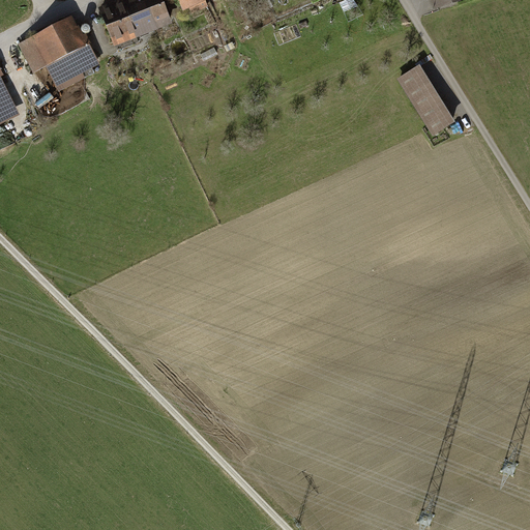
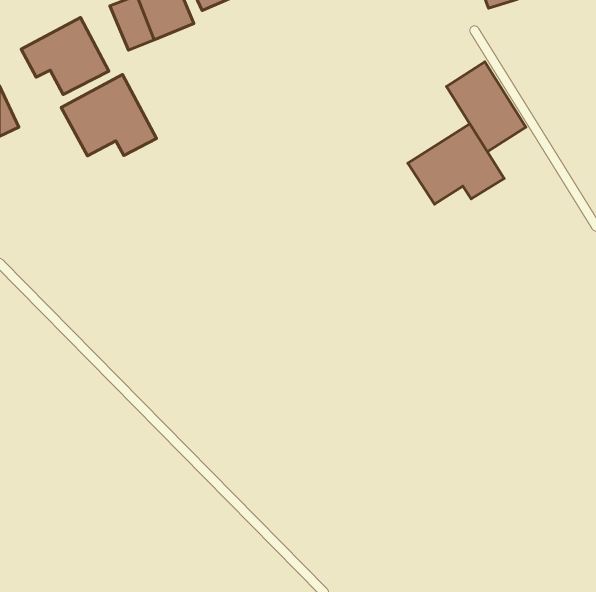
building: none -> [61,75,156,156]
building: none -> [408,124,504,204]

